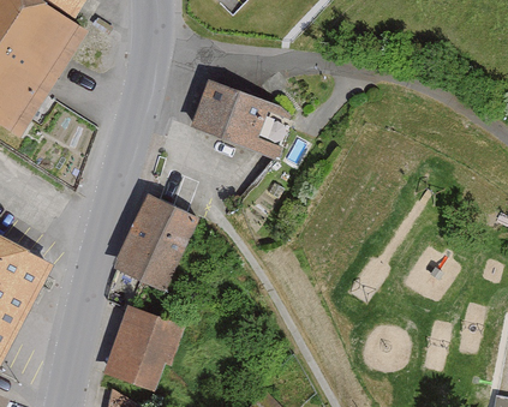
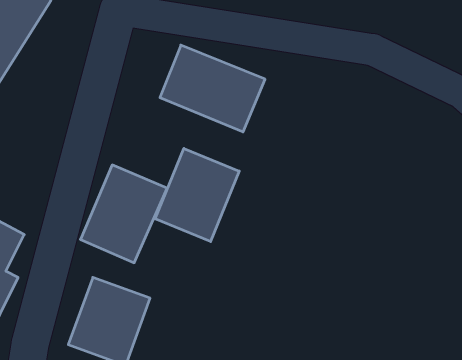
building: none -> [155,148,239,242]

